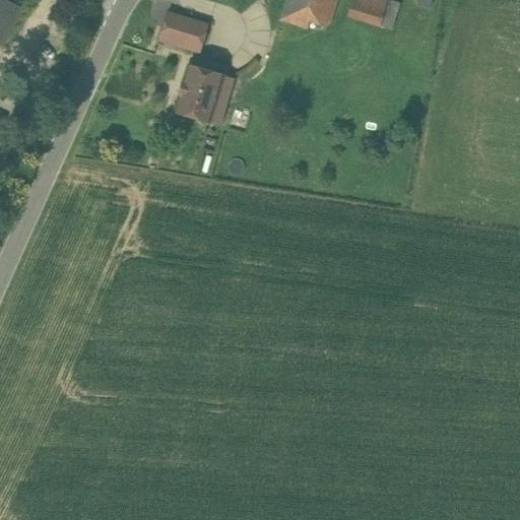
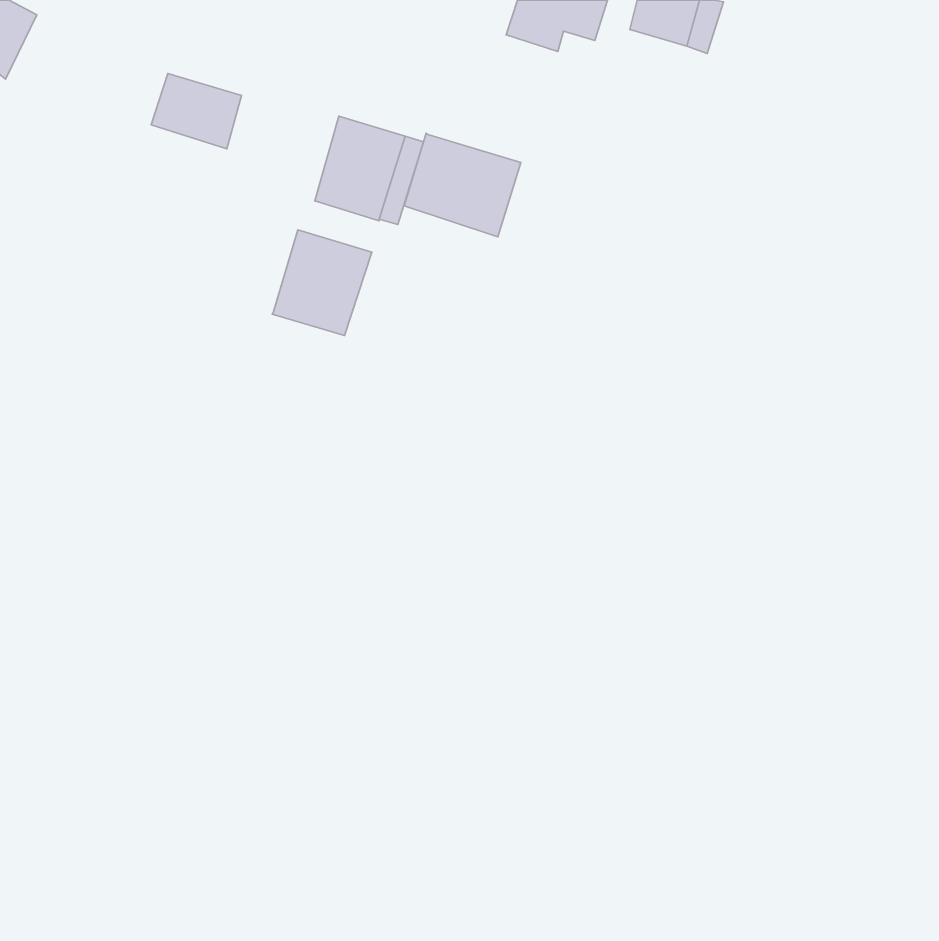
building: [157,11,207,53] -> [151,73,241,149]
building: none -> [404,133,521,237]
building: none -> [272,230,372,336]

